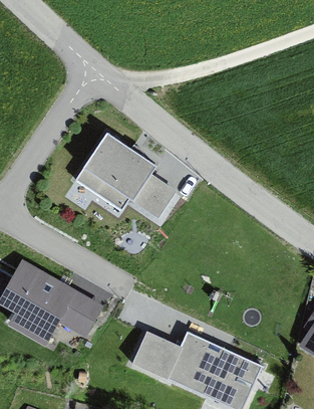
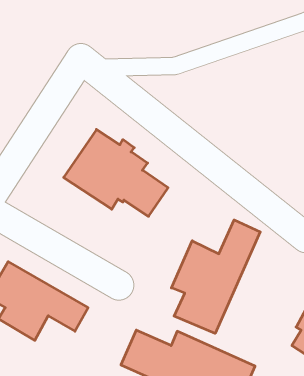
building: none -> [171,220,260,333]

